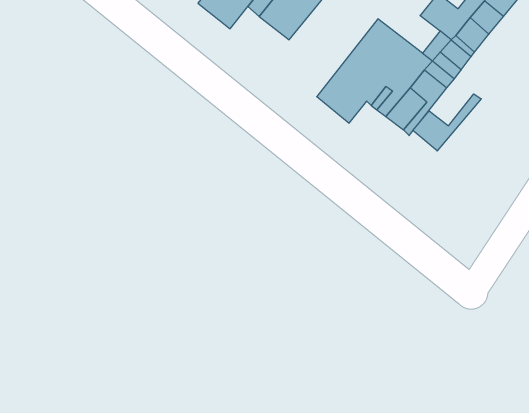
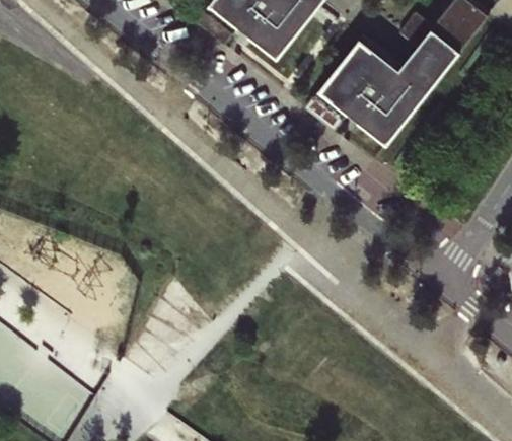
building: [413,94,481,151] -> none

